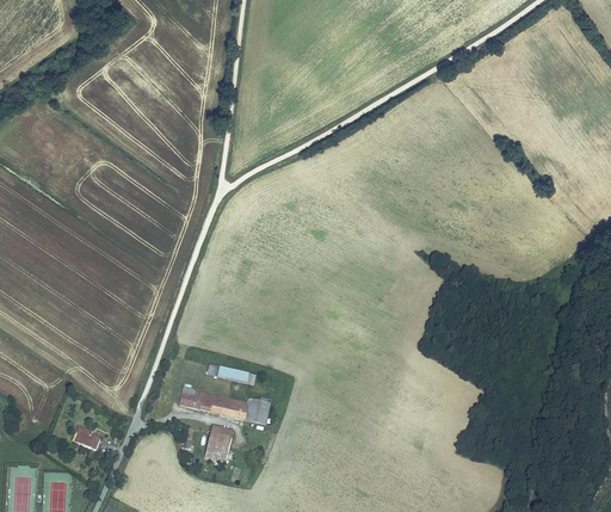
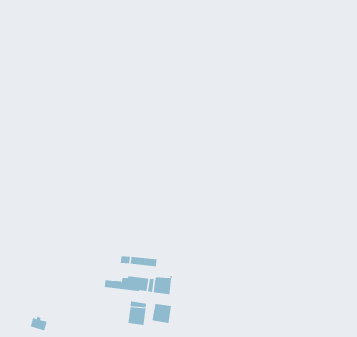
building: none -> [152,303,171,324]

